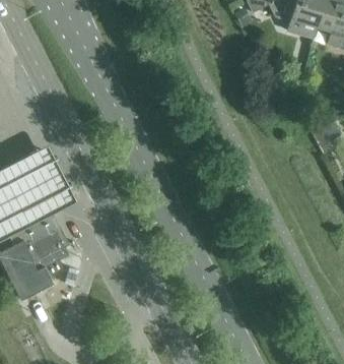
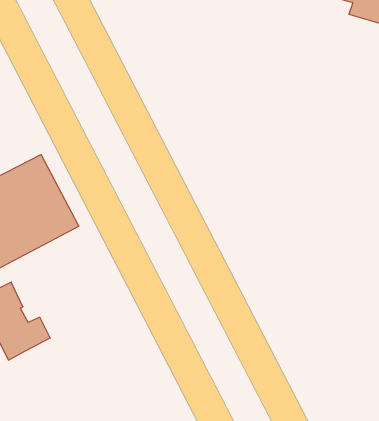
building: [18,216,68,271] -> none

